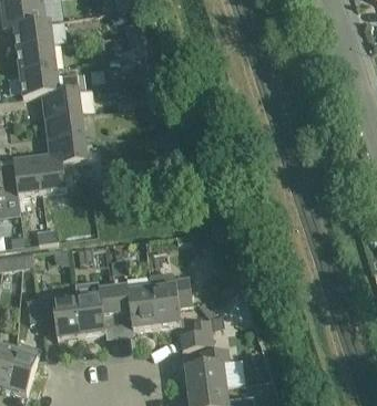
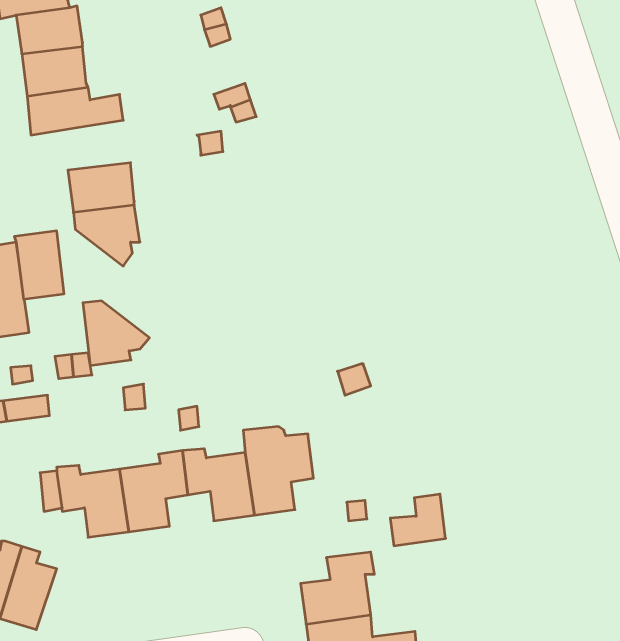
building: [42,89,82,118] -> none
building: [38,154,78,192] -> [83,301,149,365]
building: [180,317,213,348] -> [390,494,446,546]

